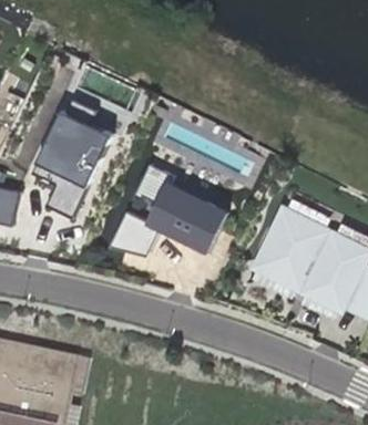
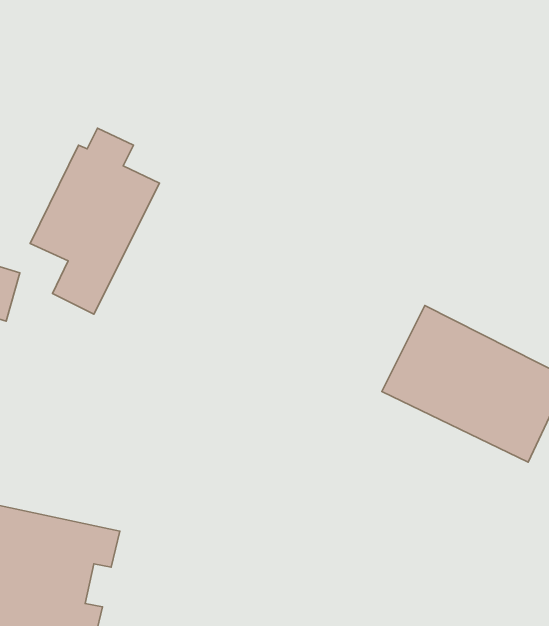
building: [109,164,229,260] -> none

